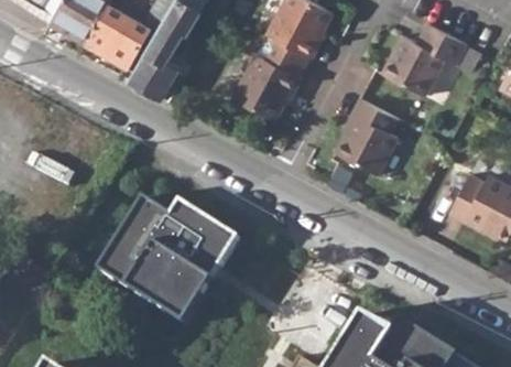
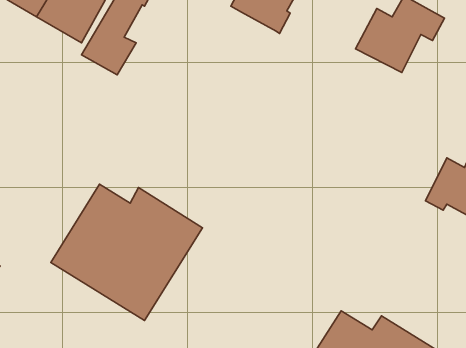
building: [232,39,308,119] -> none
building: [334,98,398,176] -> none

